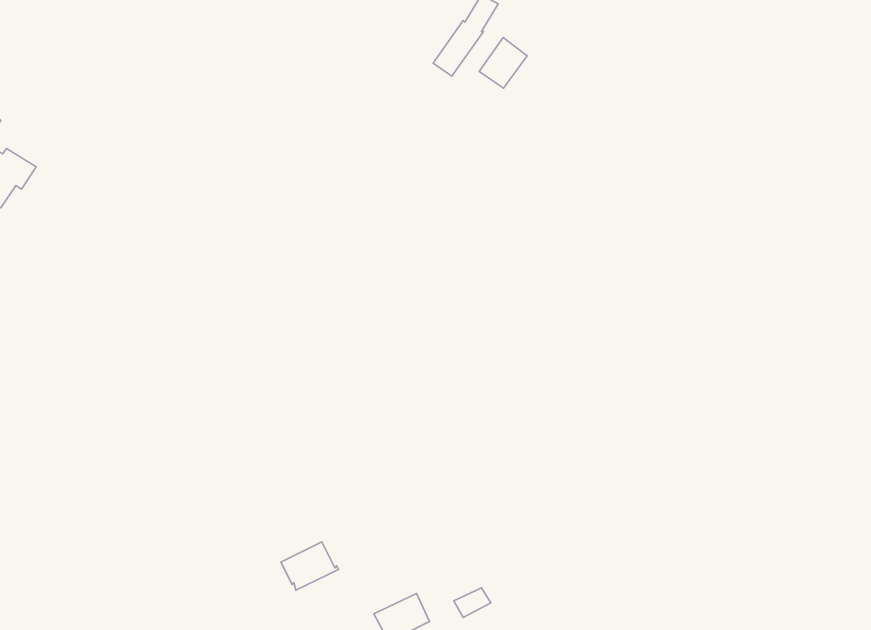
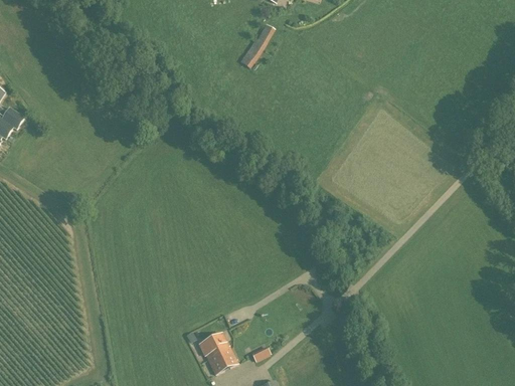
building: [479,37,527,88] -> none
building: [281,542,338,590] -> [199,333,230,359]

